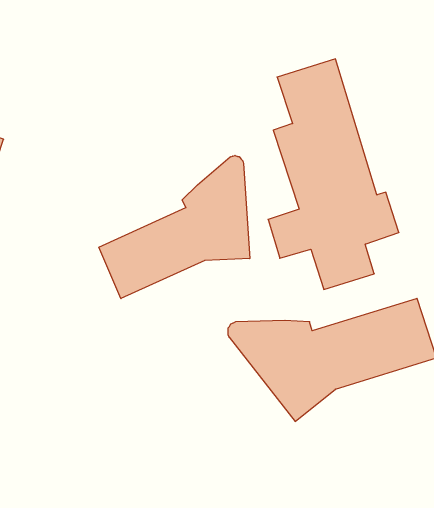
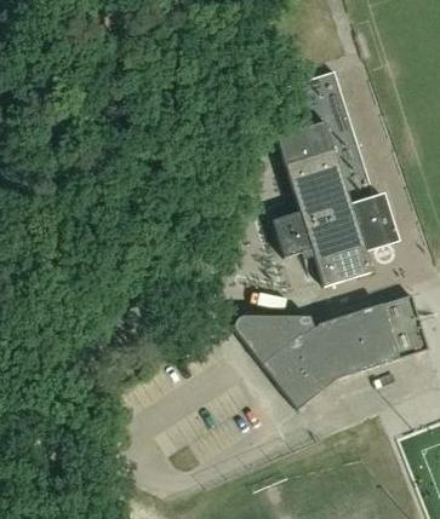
building: [99,155,250,299] -> none

